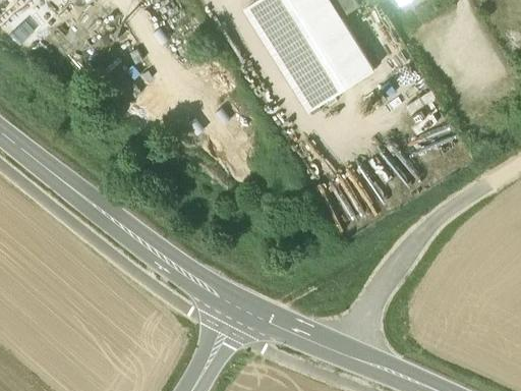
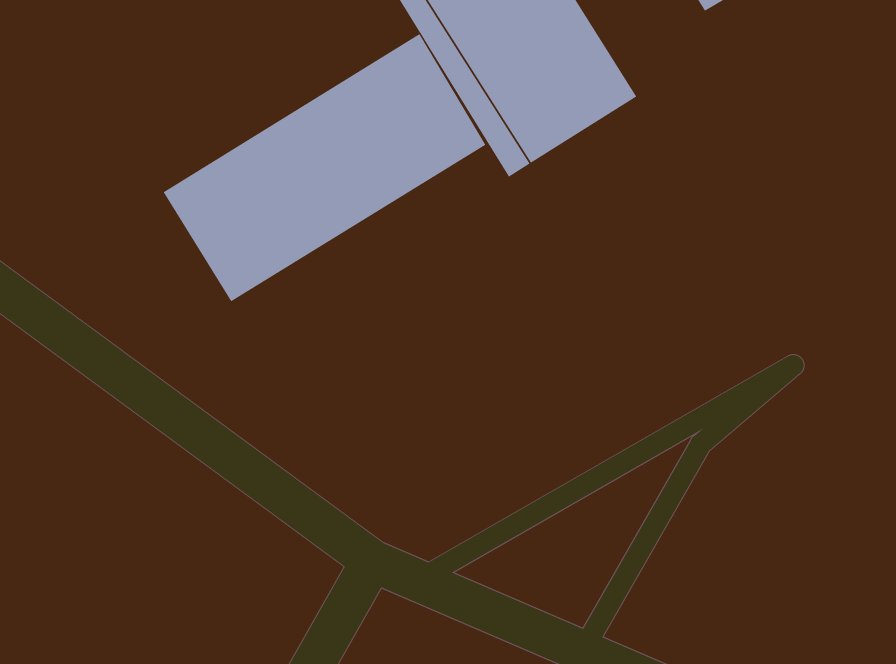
building: none -> [163,33,486,302]

